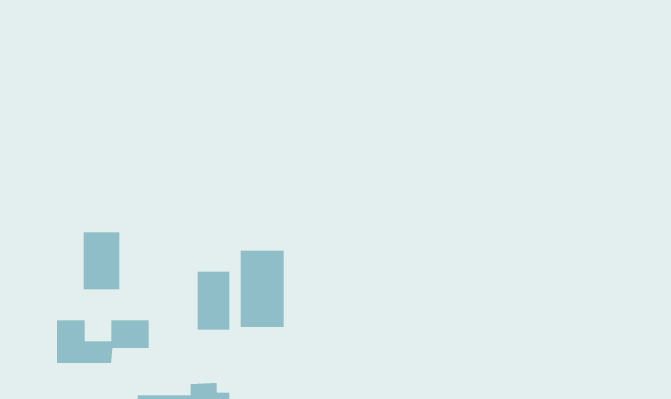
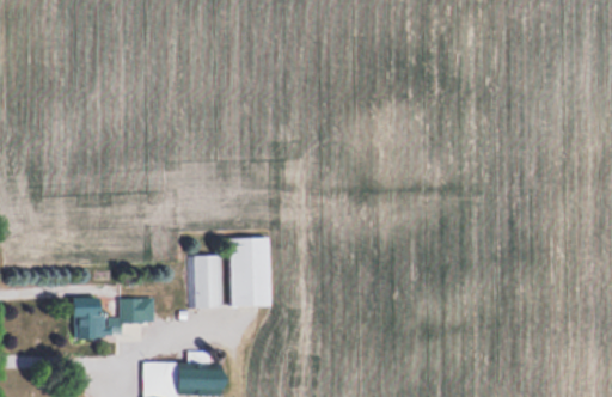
building: [83,231,120,290] -> none

